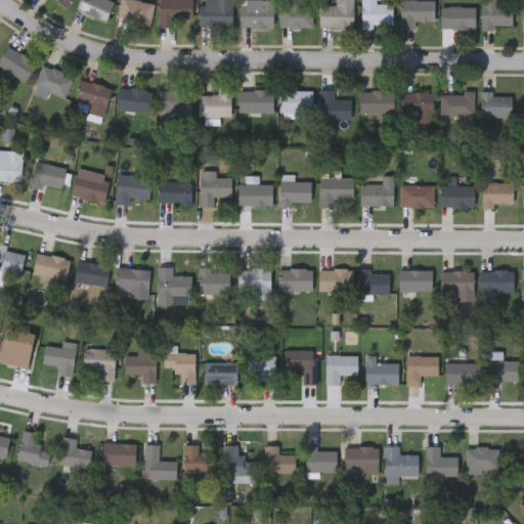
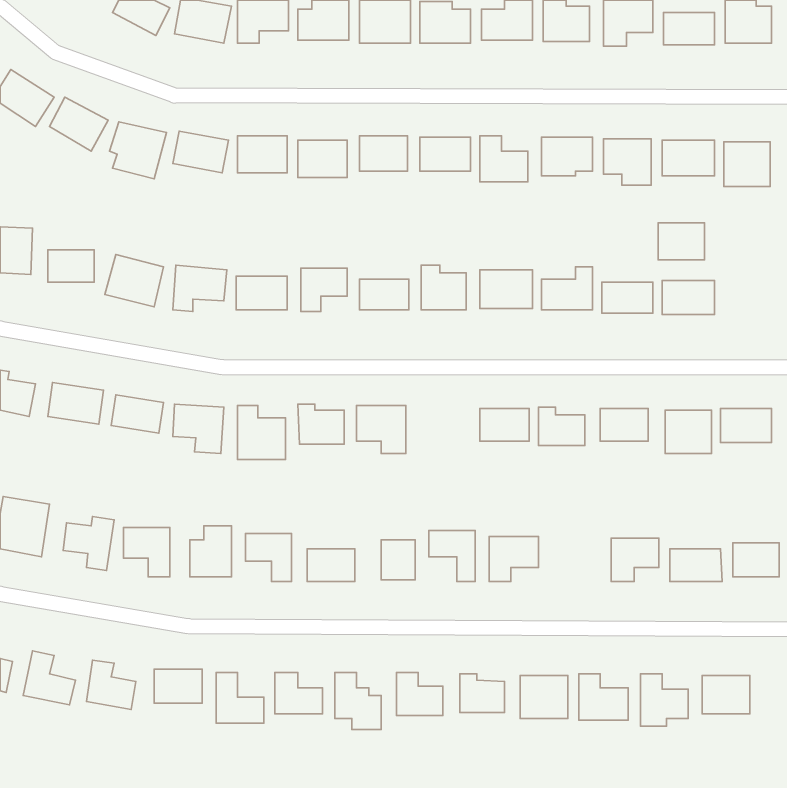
building: [482,183,513,208] -> [658,223,705,260]
building: [278,270,312,292] -> none
building: [366,356,398,386] -> none

